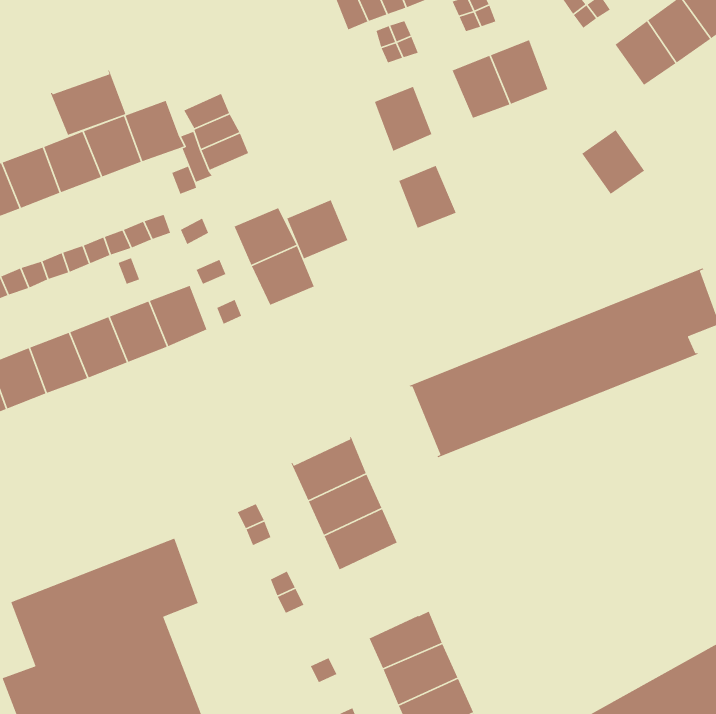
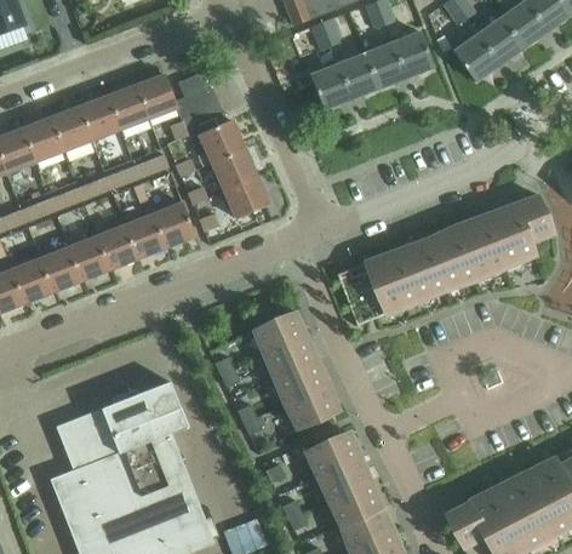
building: [49,69,126,136] -> none
building: [581,129,645,195] -> [454,35,499,81]
building: [398,165,457,229] -> [338,53,379,98]
building: [286,199,349,260] -> [200,120,244,162]
building: none -> [286,384,338,428]

